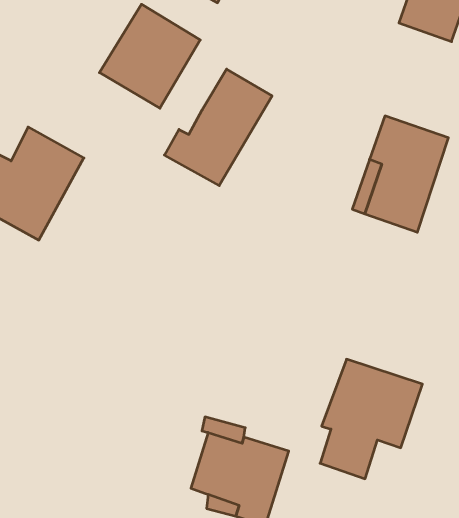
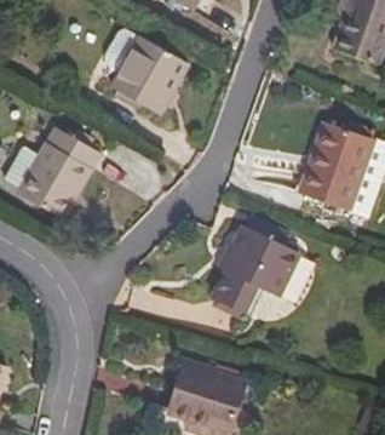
building: [164,69,272,186] -> none
building: [320,359,422,479] -> [228,225,308,319]

